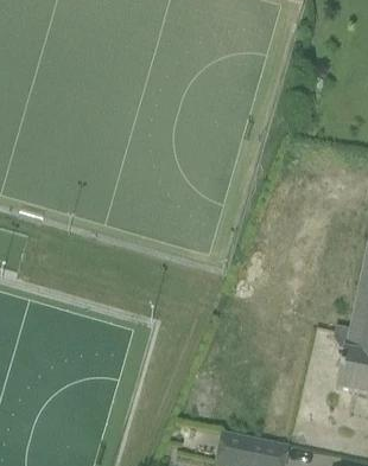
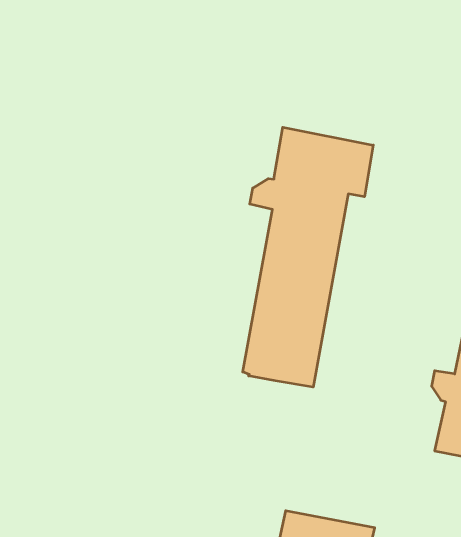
building: none -> [243,127,373,387]

